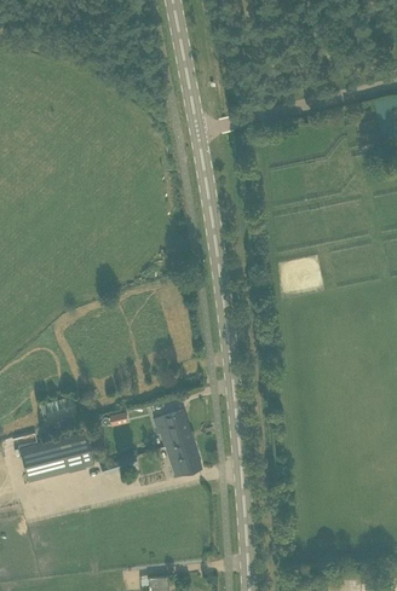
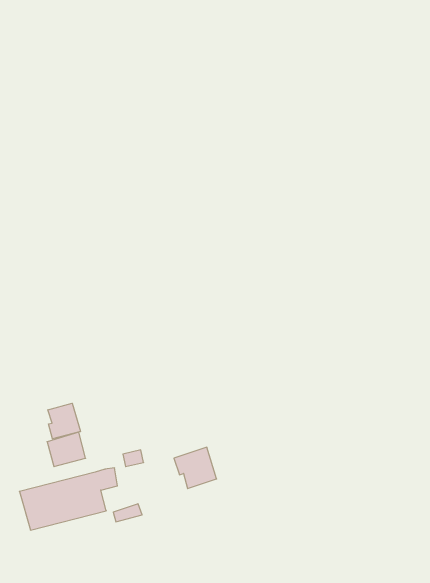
building: none -> [48,403,80,439]
building: [167,439,202,477] -> none

